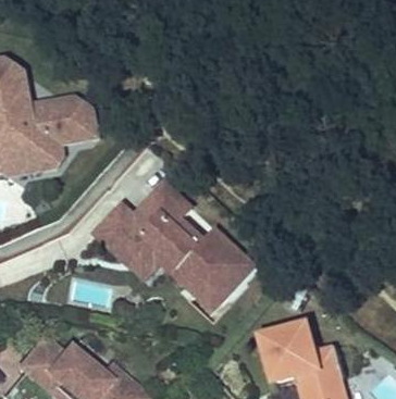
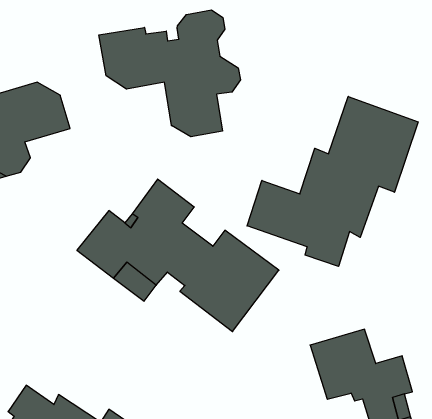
building: none -> [99,10,240,137]
building: none -> [247,96,418,266]

